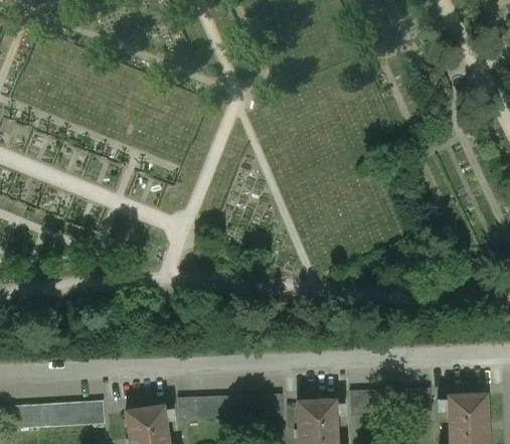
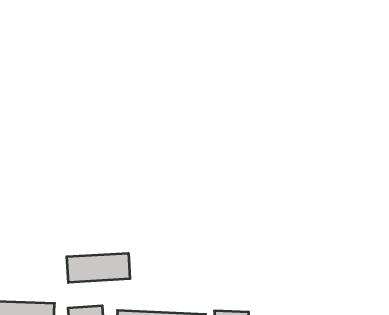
building: none -> [67,253,130,283]

